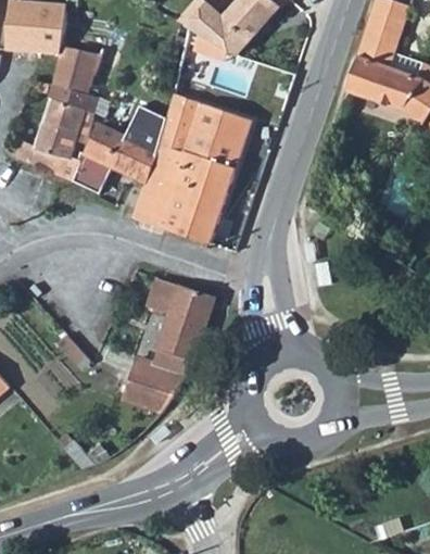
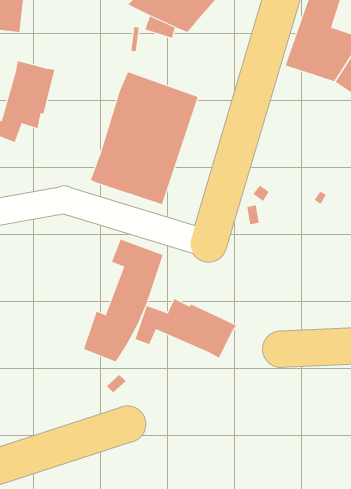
building: [54,42,101,92] -> none
building: [52,108,165,193] -> none
building: none -> [135,298,237,358]

